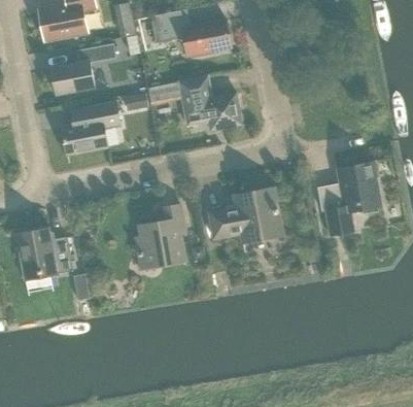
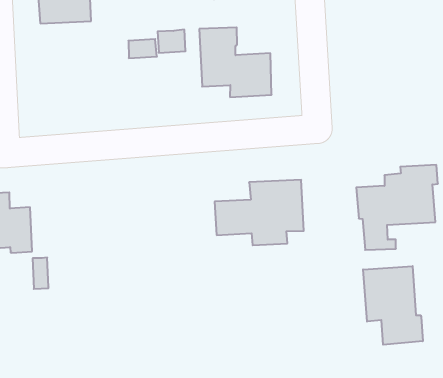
building: [61,102,119,156] -> none
building: [135,205,184,269] -> none
building: none -> [363,266,423,345]

